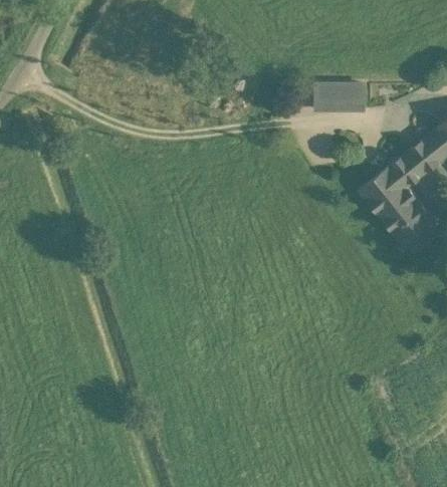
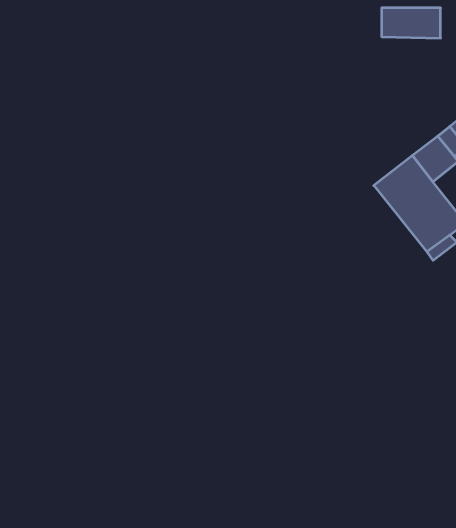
building: [314,86,364,111] -> [382,8,441,38]

